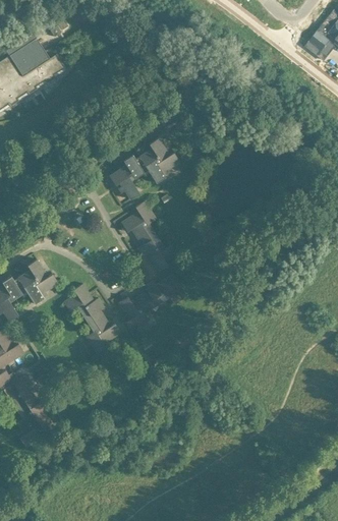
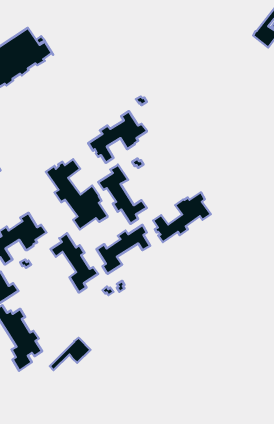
building: none -> [46,159,108,230]
building: none -> [153,192,211,242]
building: none -> [50,338,91,370]

